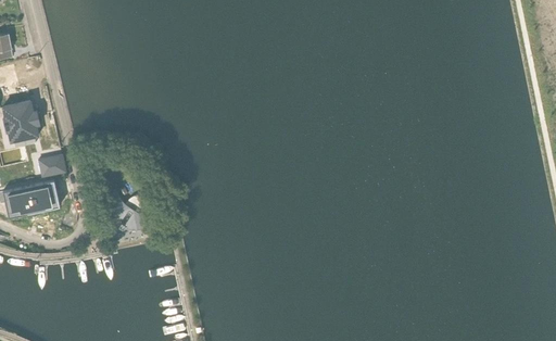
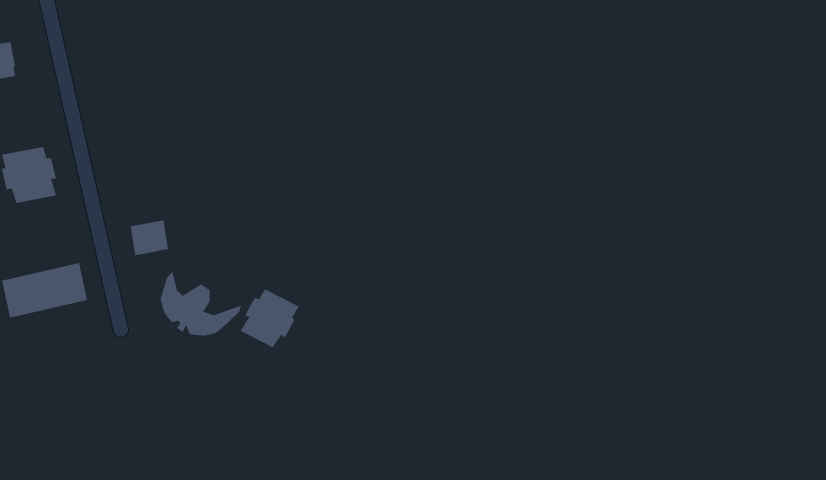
building: [38,153,64,177] -> [130,220,169,256]
building: none -> [240,289,299,348]

